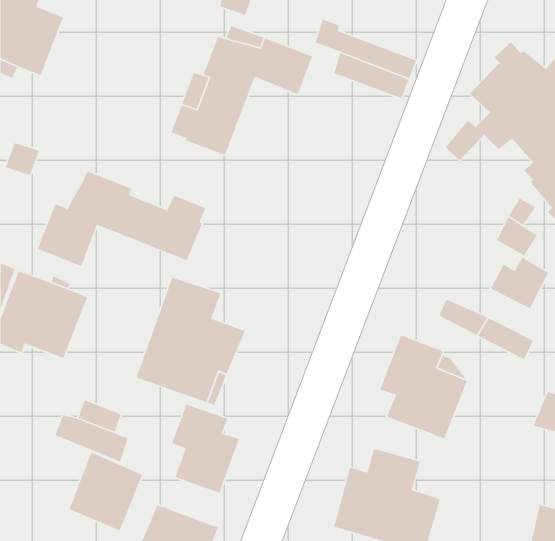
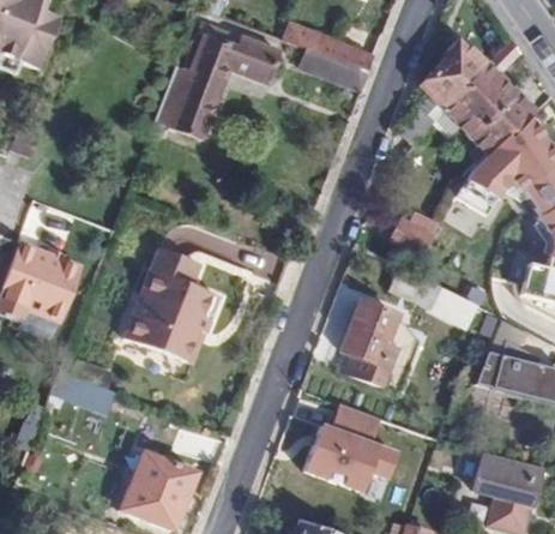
building: [37,170,206,267] -> none
building: [490,257,549,309] -> [387,210,440,257]
building: [171,404,240,494] -> none
building: [69,452,143,532] -> none

